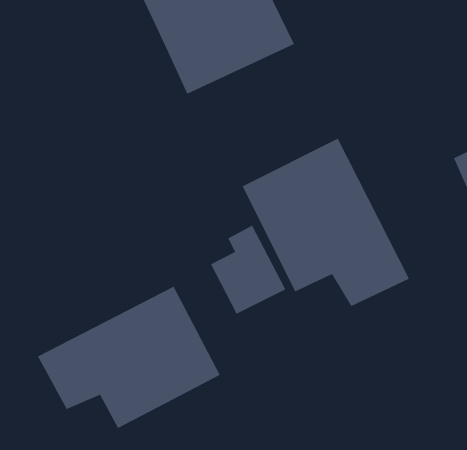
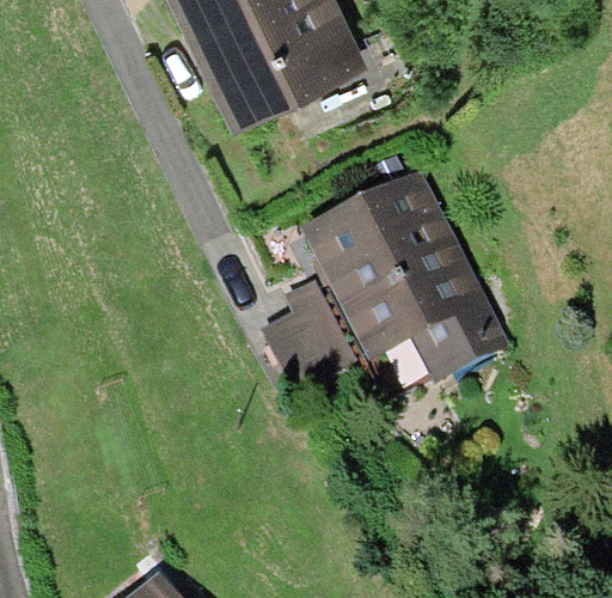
building: [37,286,220,429] -> none

